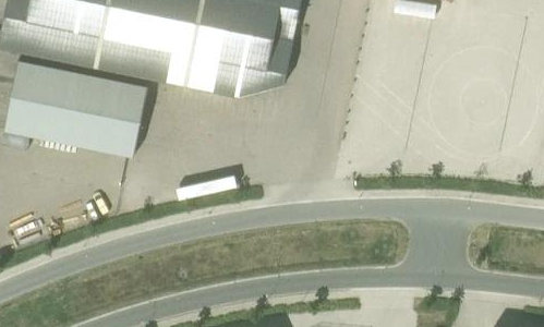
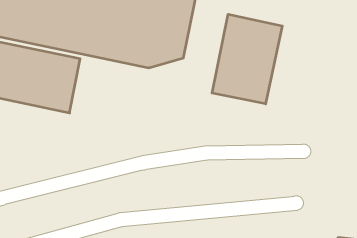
building: none -> [212,14,282,104]

